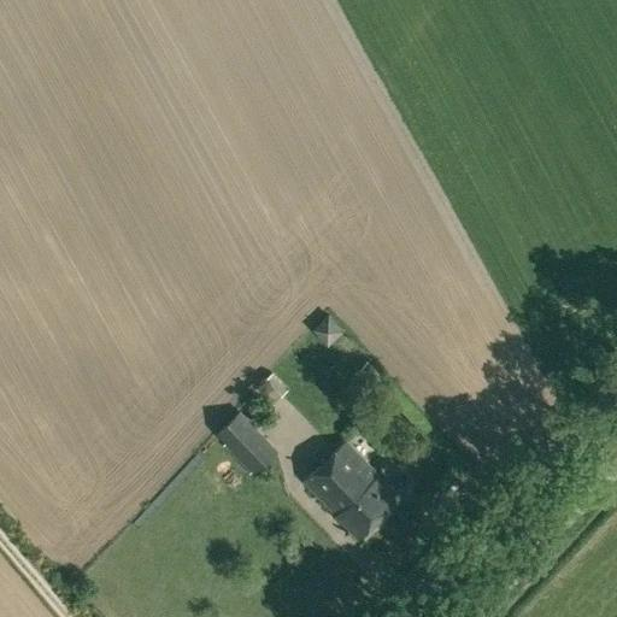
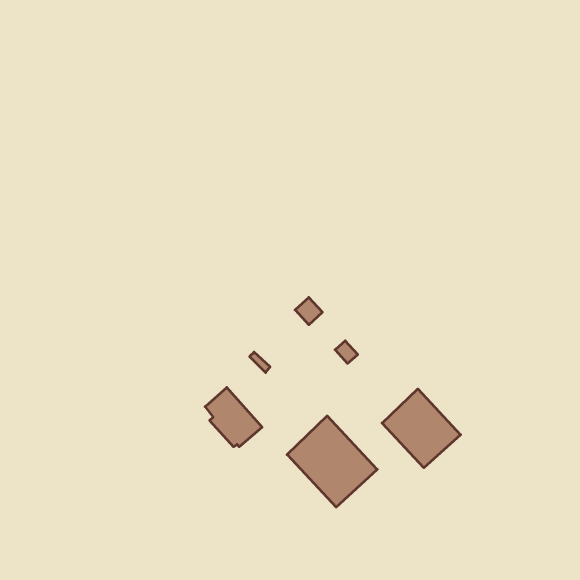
building: none -> [382,389,461,468]

